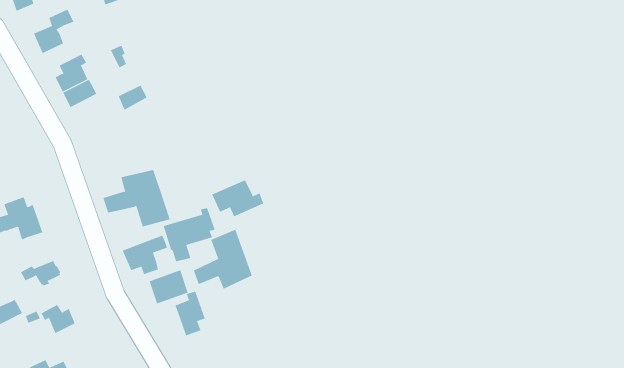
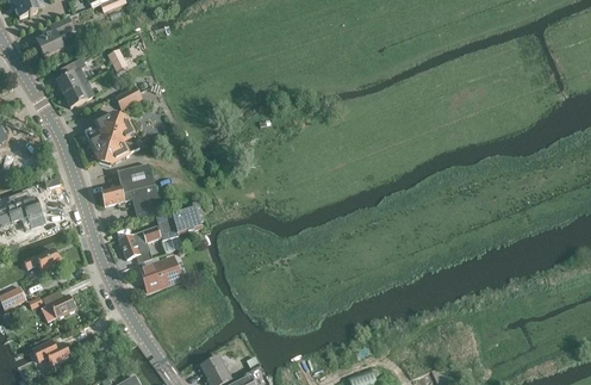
building: none -> [85,114,138,164]
building: [212,179,264,217] -> none
building: [193,229,252,290] -> none
building: [175,291,206,336] -> none

